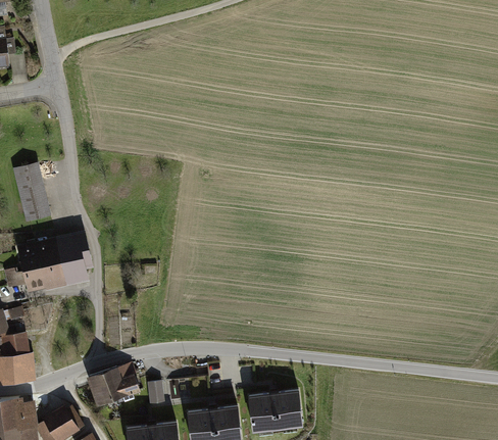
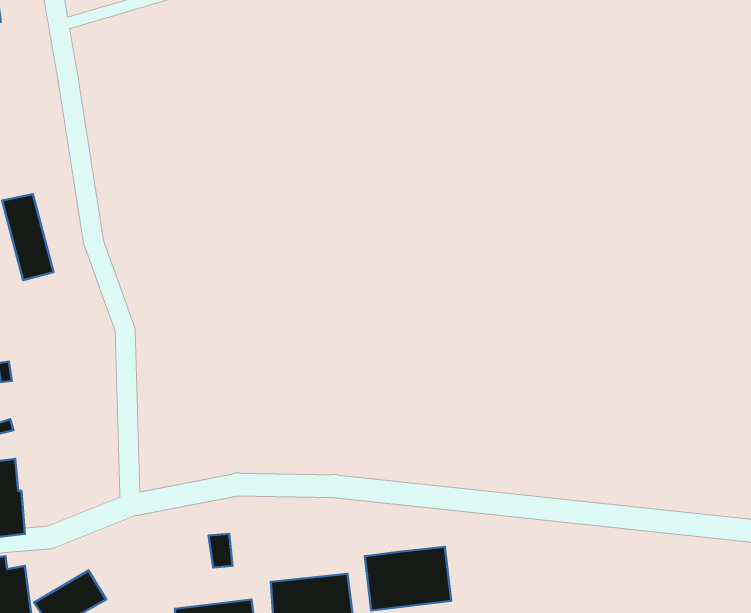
building: [18,234,89,287] -> none
building: [89,364,139,402] -> none

